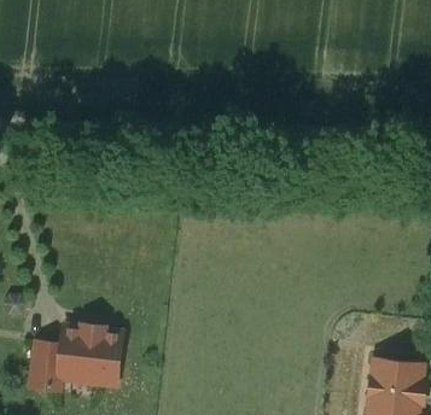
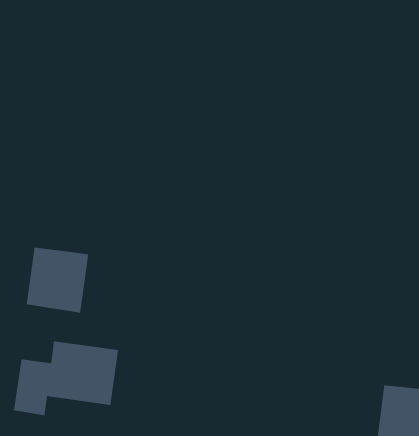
building: none -> [26,247,89,313]

